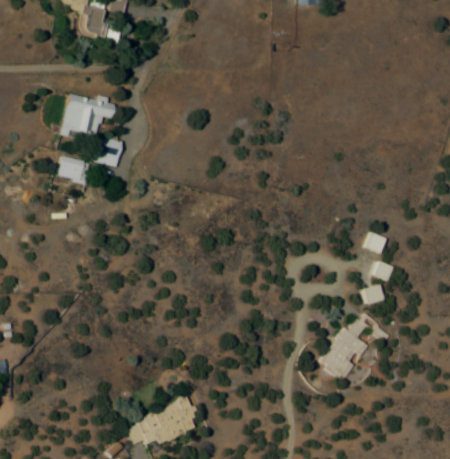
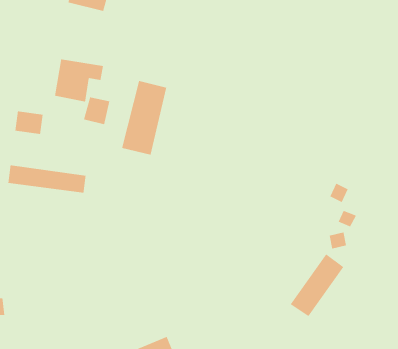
building: none -> [122,80,167,156]
building: [58,155,90,181] -> [14,111,43,135]
building: none -> [8,165,86,193]

